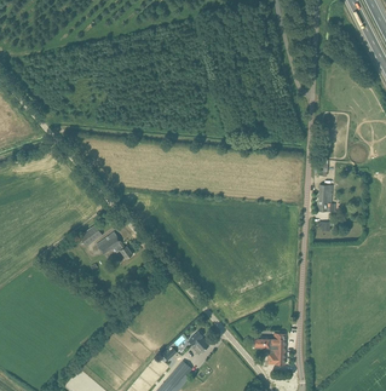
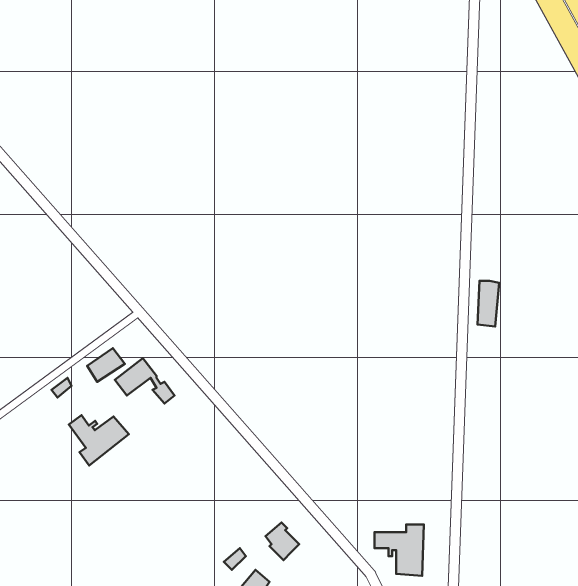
building: none -> [69,415,129,465]

